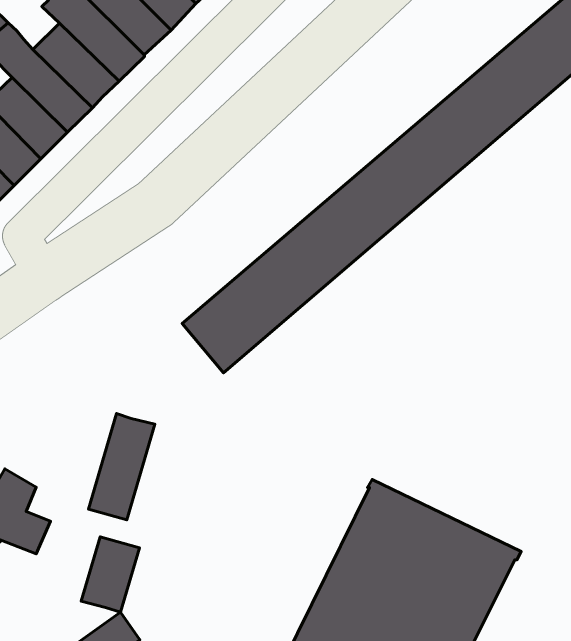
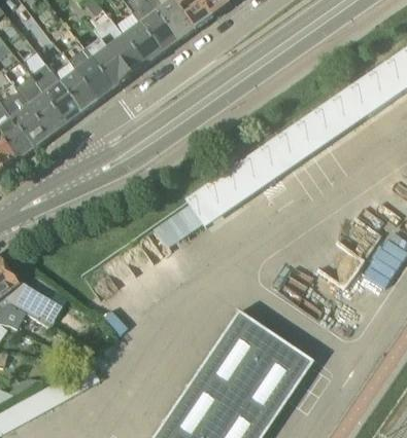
building: [88,414,155,520] -> none
building: [81,537,139,612] -> none

